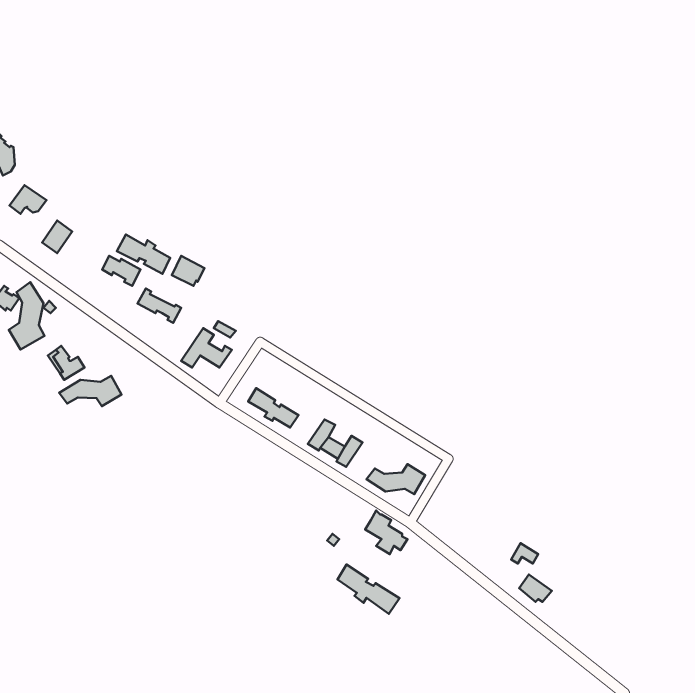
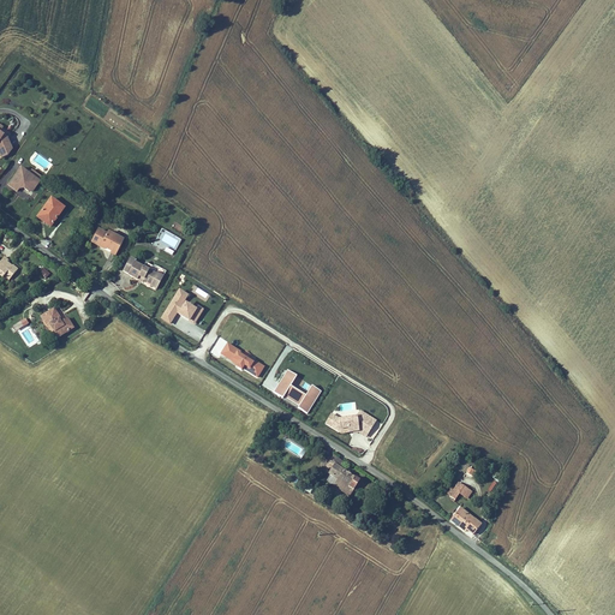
building: [117,234,170,274] -> none
building: [9,282,45,349] -> none
building: [59,376,121,406] -> none
building: [337,565,400,614] -> none

